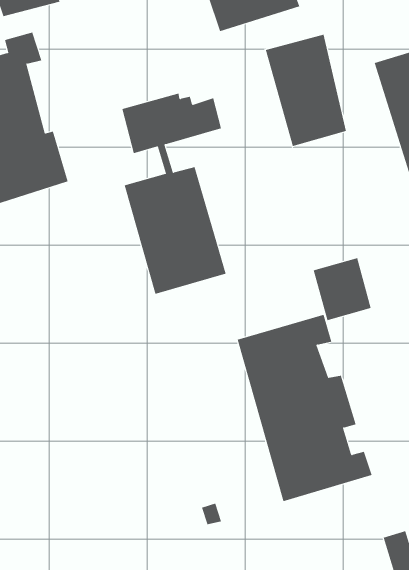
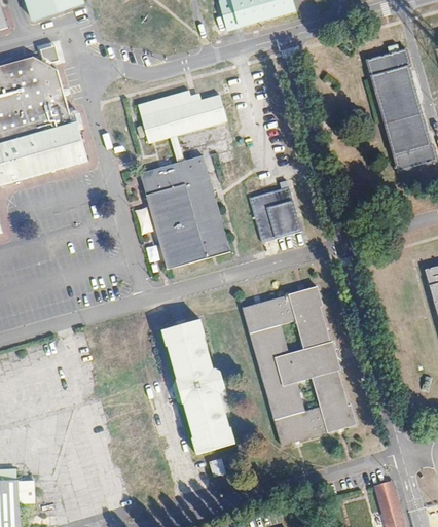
building: [265,34,346,147] -> none
building: [313,257,372,321] -> [249,184,301,241]
building: none -> [159,319,242,459]

